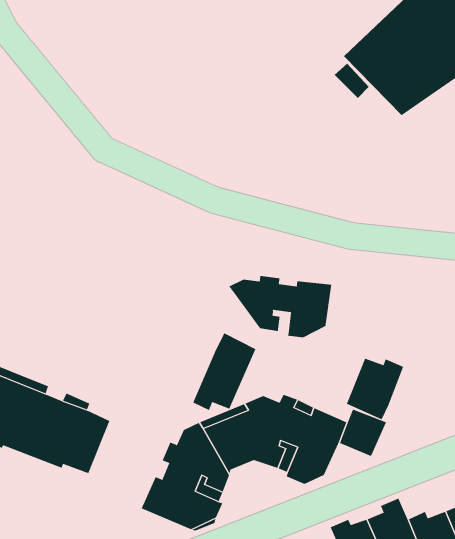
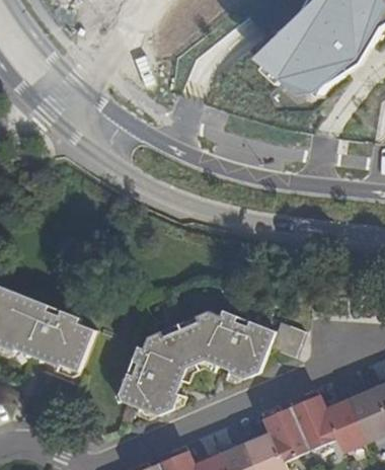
building: [229,275,332,338] -> none
building: [193,332,256,411] -> none
building: [346,358,404,420] -> none

